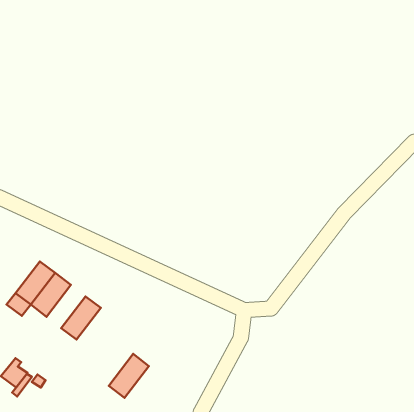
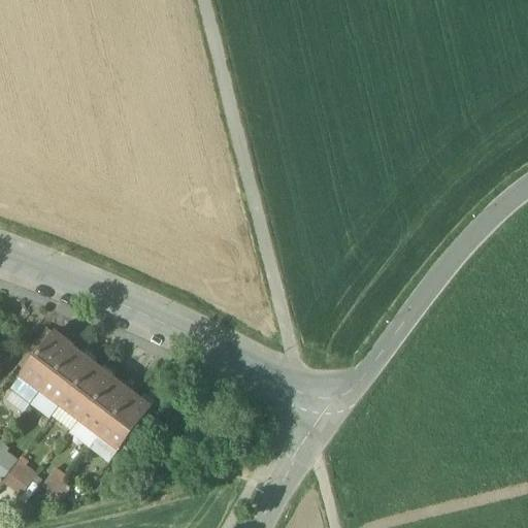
building: none -> [59,361,108,416]
building: [109,354,149,398] -> [97,390,147,446]

